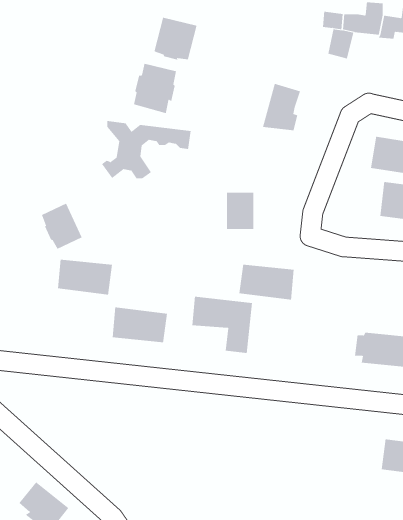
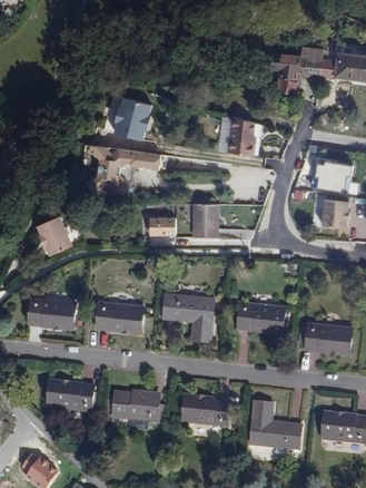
building: [154,17,197,60] -> none
building: none -> [146,212,176,235]
building: [57,259,113,295] -> [29,299,76,329]
building: [239,264,295,300] -> [237,303,284,333]
building: none -> [47,380,97,411]
building: none -> [111,390,159,420]
building: none -> [182,396,229,426]
building: none -> [249,401,300,449]

